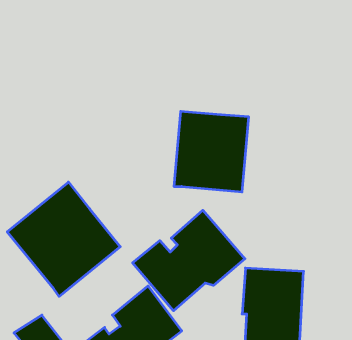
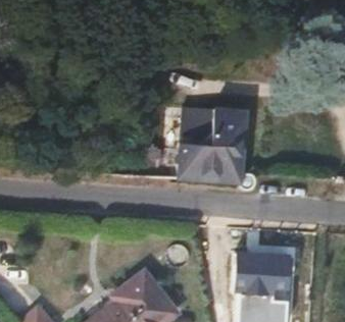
building: [7,182,120,296] -> none
building: [133,210,245,311] -> none

